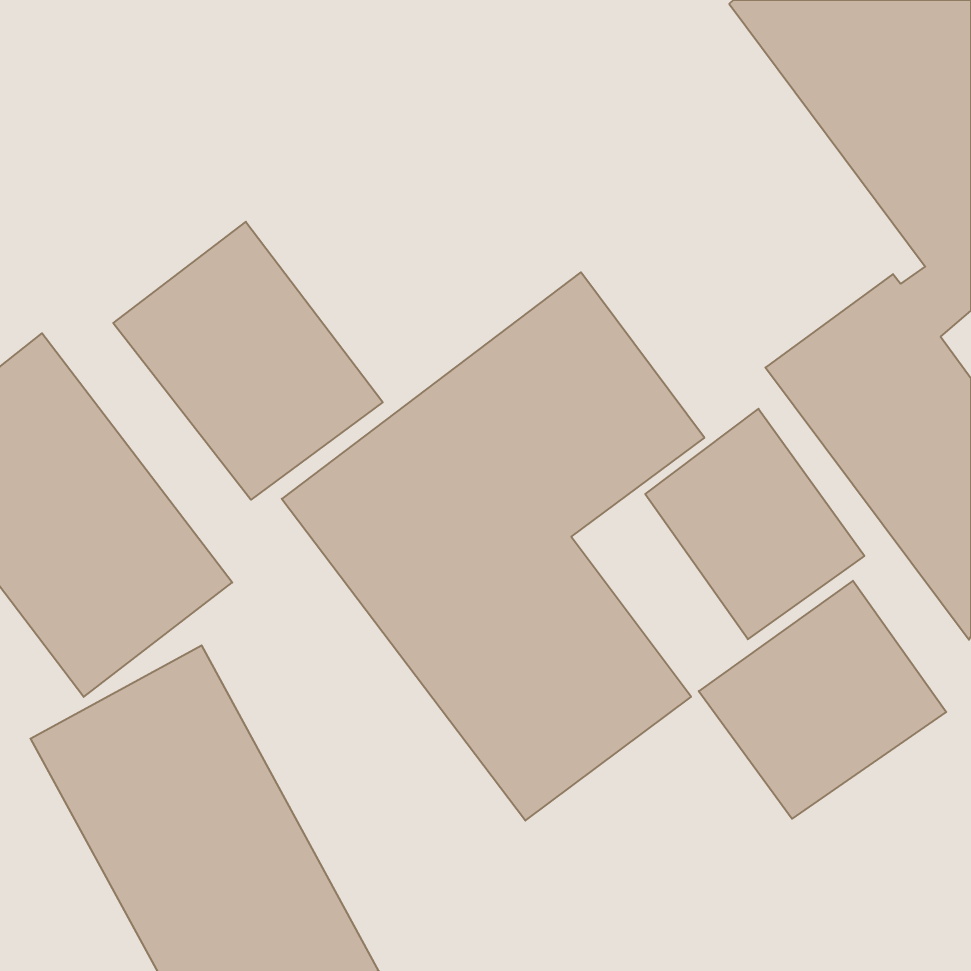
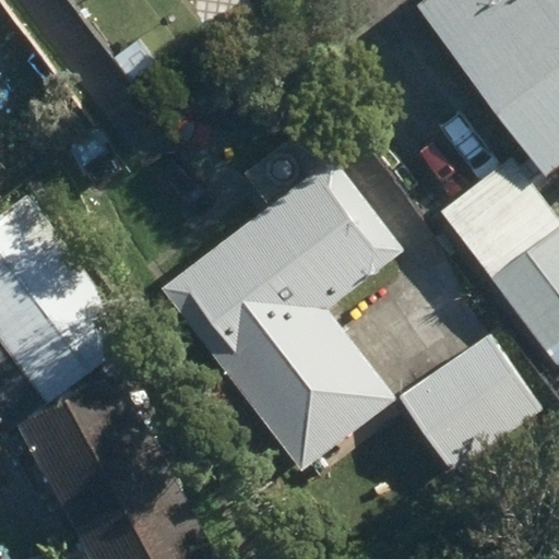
building: [113,222,383,500] -> none
building: [645,409,864,639] -> none

